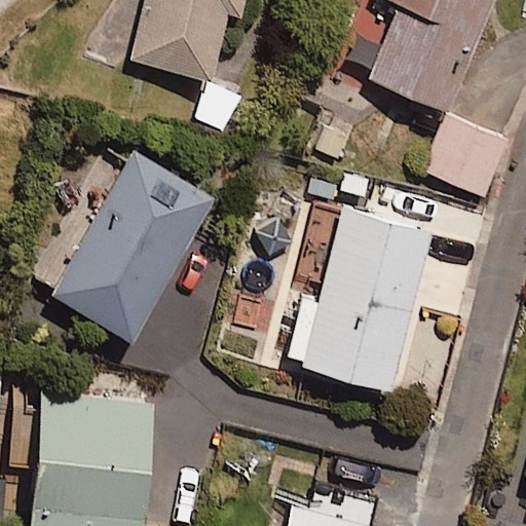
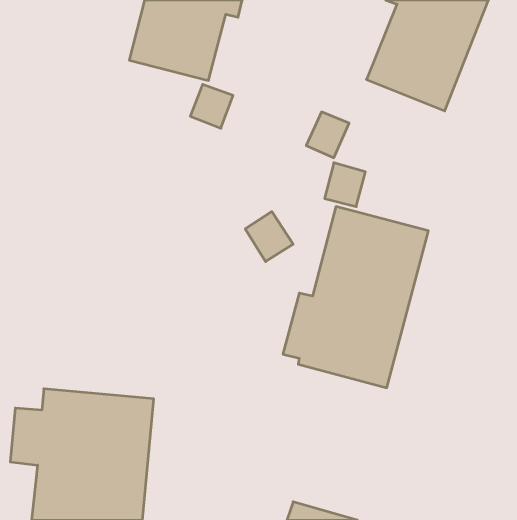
building: [420,115,504,195] -> none
building: [52,154,213,344] -> none

